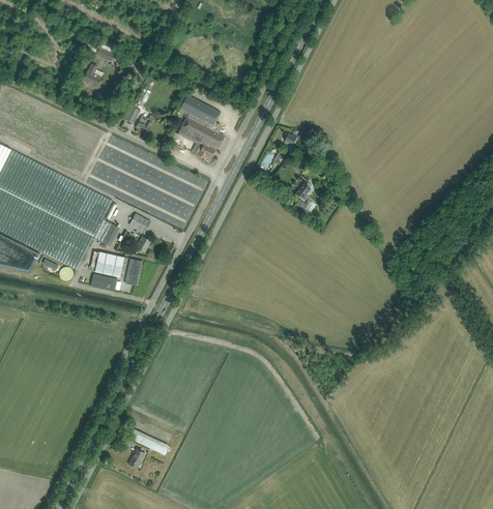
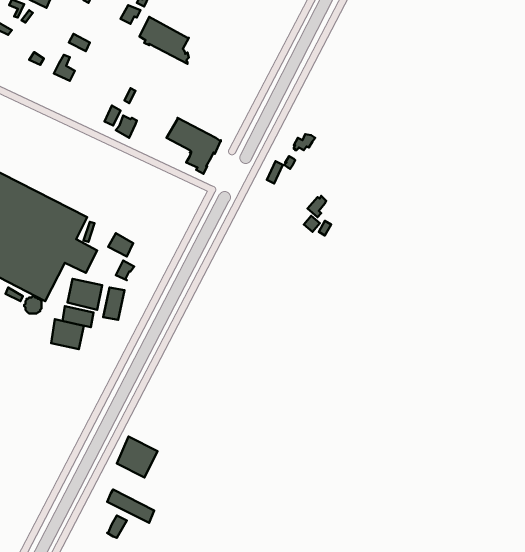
building: [178,94,220,133] -> [139,17,189,64]
building: none -> [51,319,84,349]
building: none -> [117,436,158,477]

